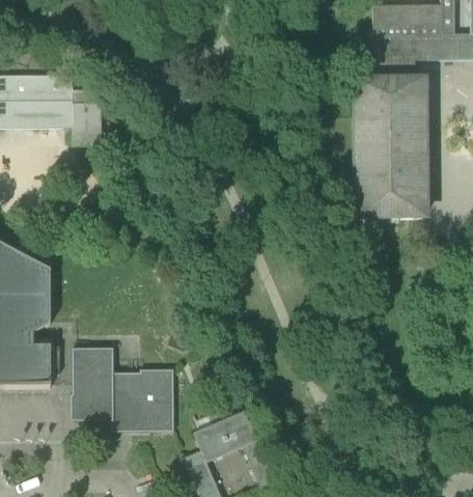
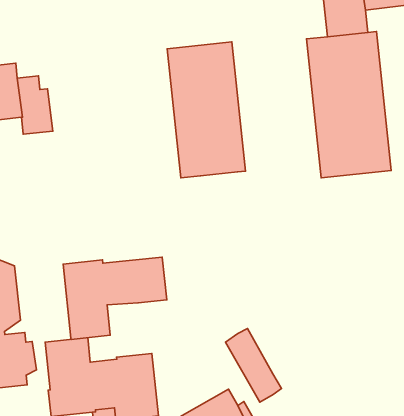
building: none -> [167,42,245,178]
building: none -> [63,257,167,339]
building: none -> [225,329,282,402]

